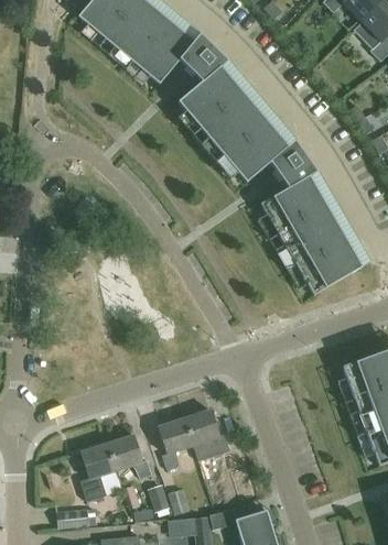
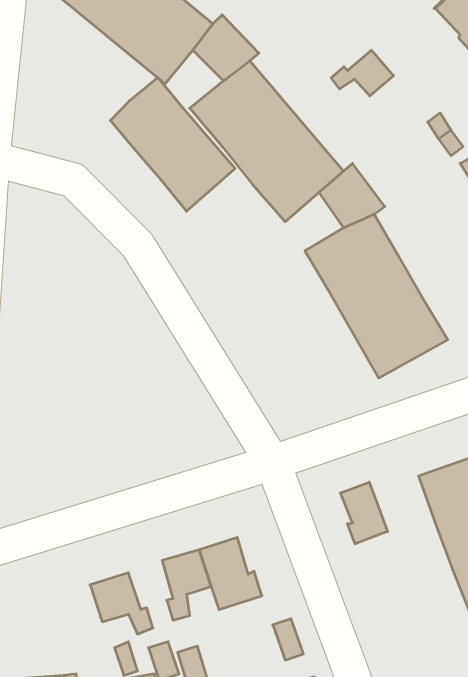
building: none -> [331,50,394,96]
building: none -> [110,78,235,211]
building: none -> [340,482,388,544]
building: [79,444,115,502] -> none

